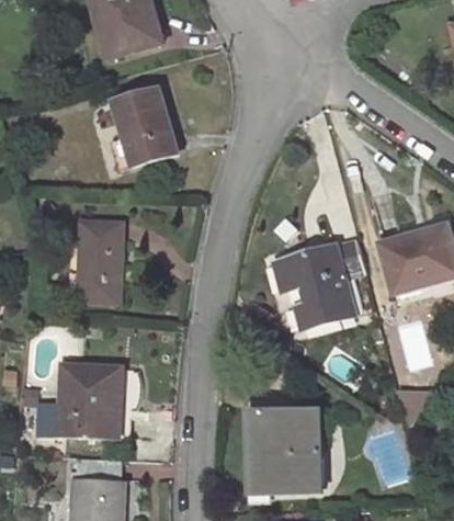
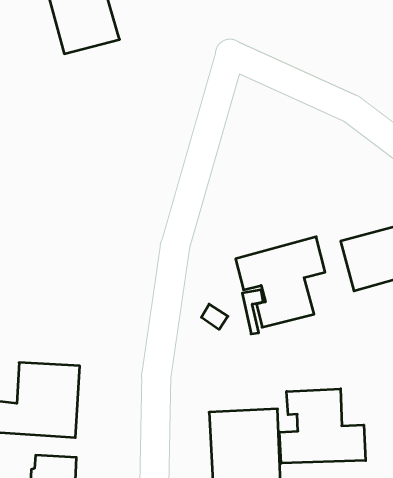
building: [110,89,177,169] -> none
building: [77,220,123,303] -> none
building: none -> [280,389,366,463]

